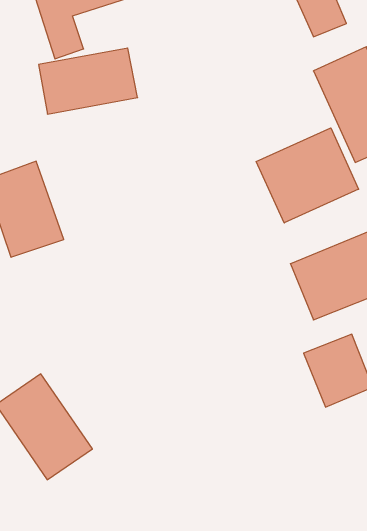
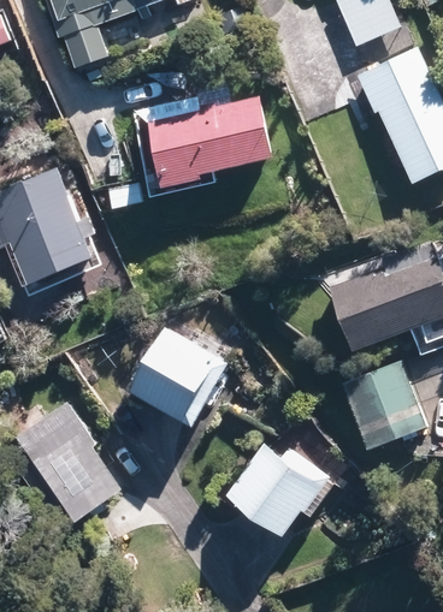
building: [39,48,138,114] -> [164,101,272,173]
building: [256,128,359,223] -> none
building: none -> [134,337,224,423]
building: none -> [240,447,321,528]

